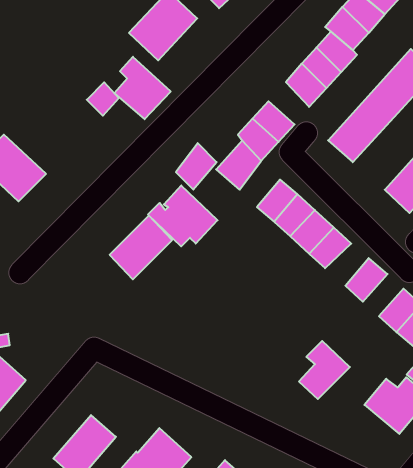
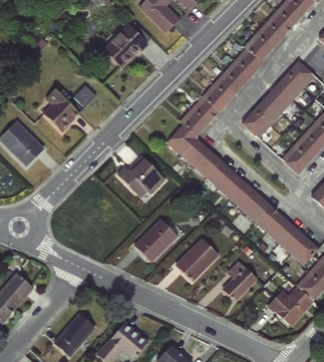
building: [114,57,171,119] -> [43,87,82,130]
building: none -> [201,83,229,112]
building: [176,143,217,190] -> [181,137,209,169]
building: [110,215,172,279] -> [133,218,177,262]
building: none -> [240,195,270,224]
building: none -> [266,216,294,245]
building: none -> [175,239,219,283]

